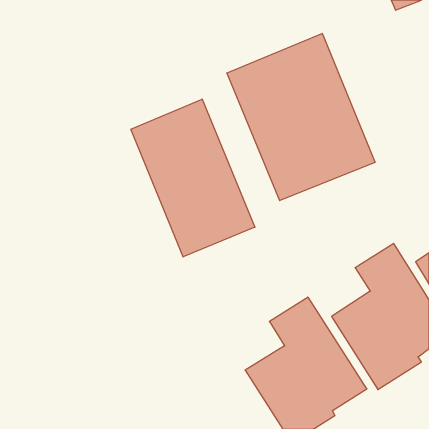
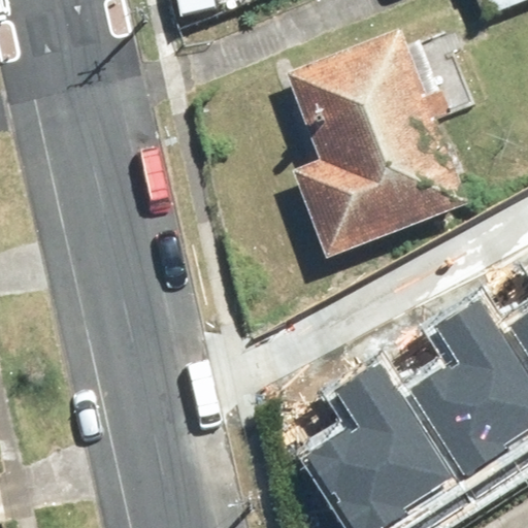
building: [131,99,255,257] -> none

